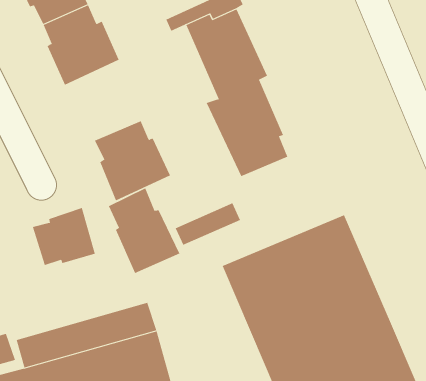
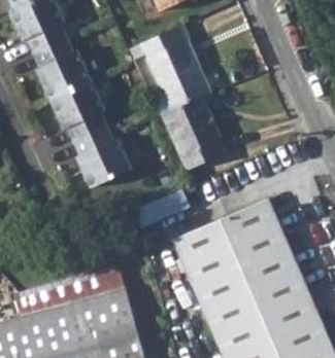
building: none -> [52,81,110,143]
building: [108,187,180,274] -> none
building: [32,207,96,266] -> none

